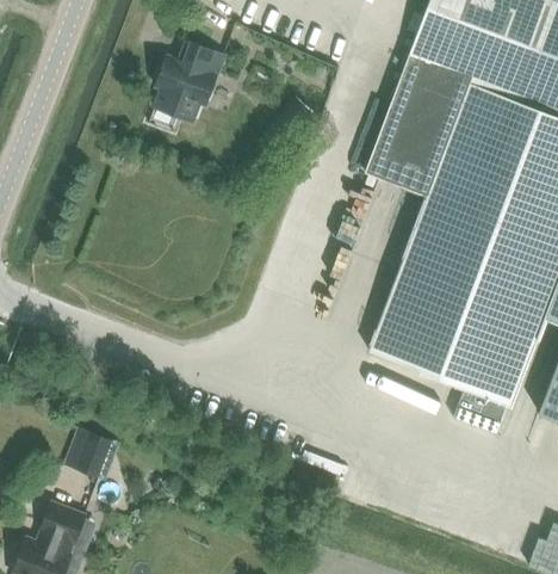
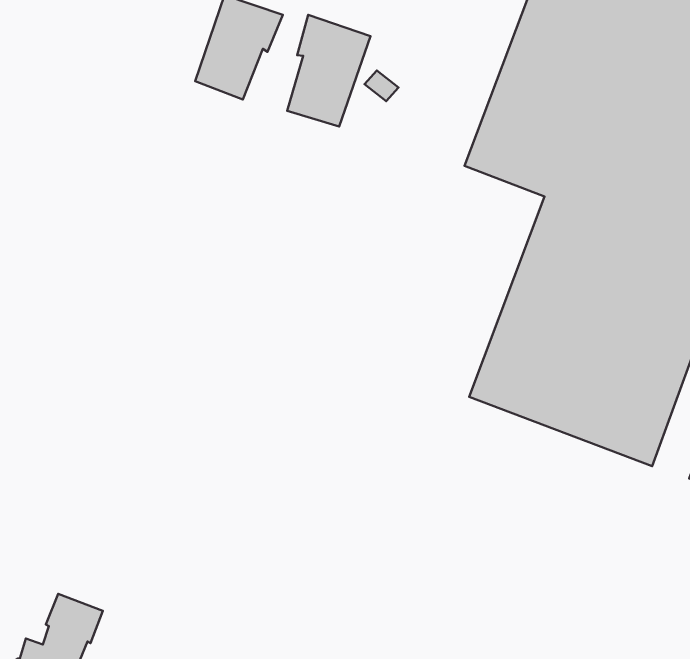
building: none -> [287,15,370,126]
building: [79,430,116,476] -> none

